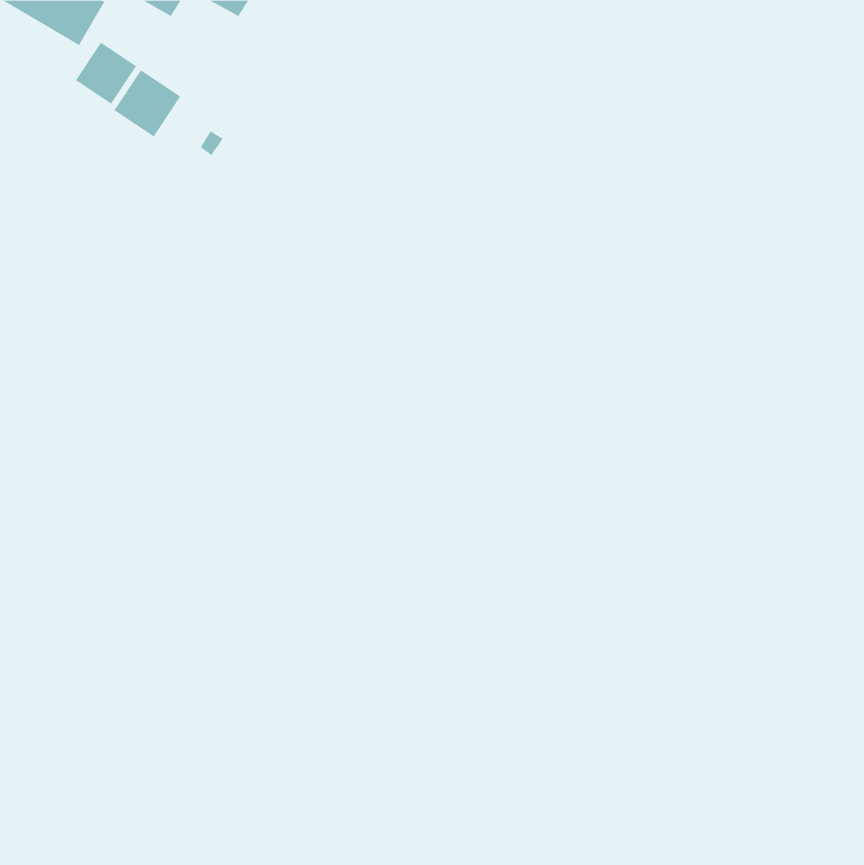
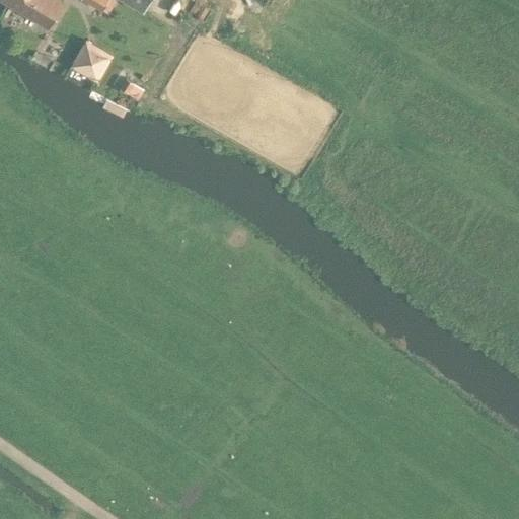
building: [75,42,137,104] -> none

